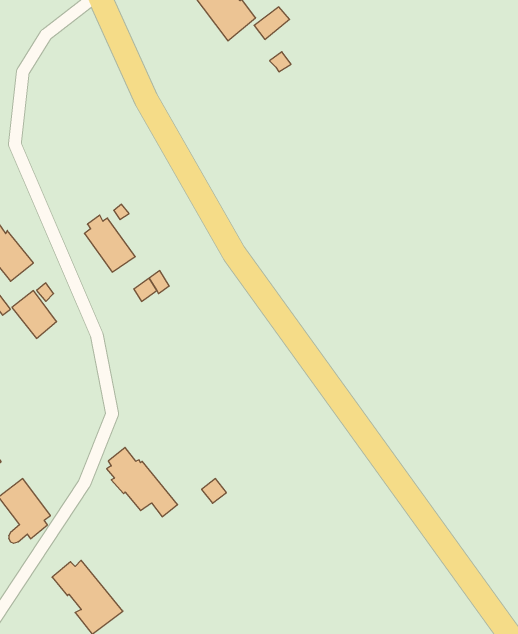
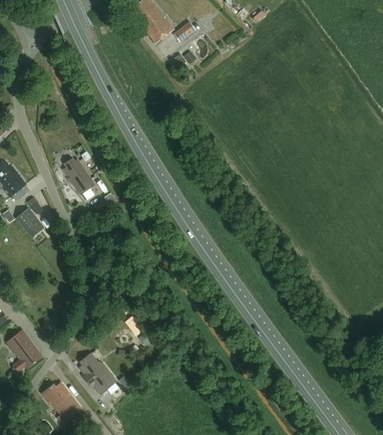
building: [107,447,178,517] -> [77,353,123,398]

